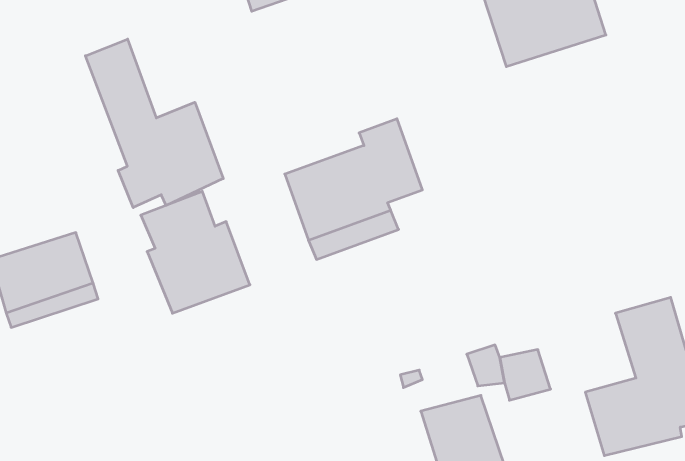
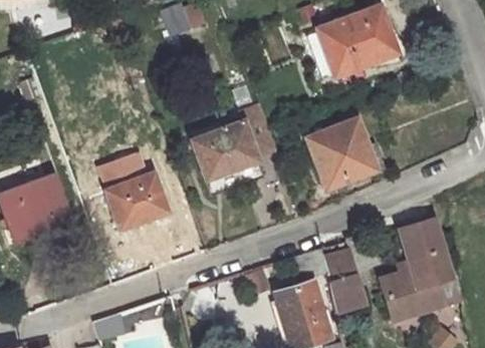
building: [85,39,223,208] -> none
building: none -> [304,119,374,190]
building: none -> [332,277,368,312]

